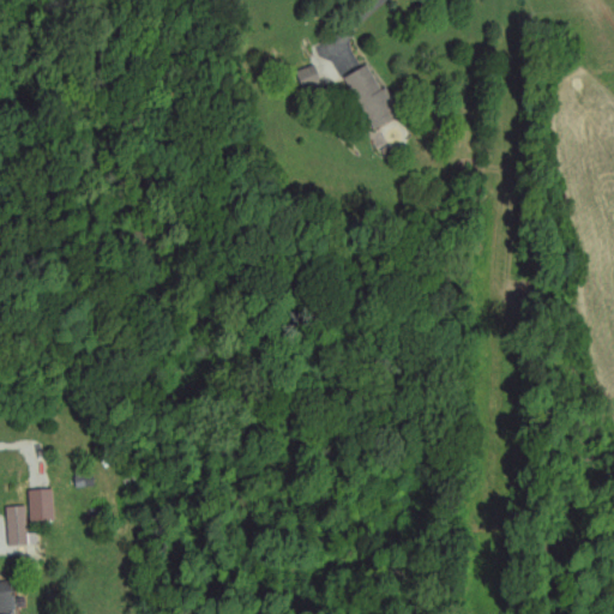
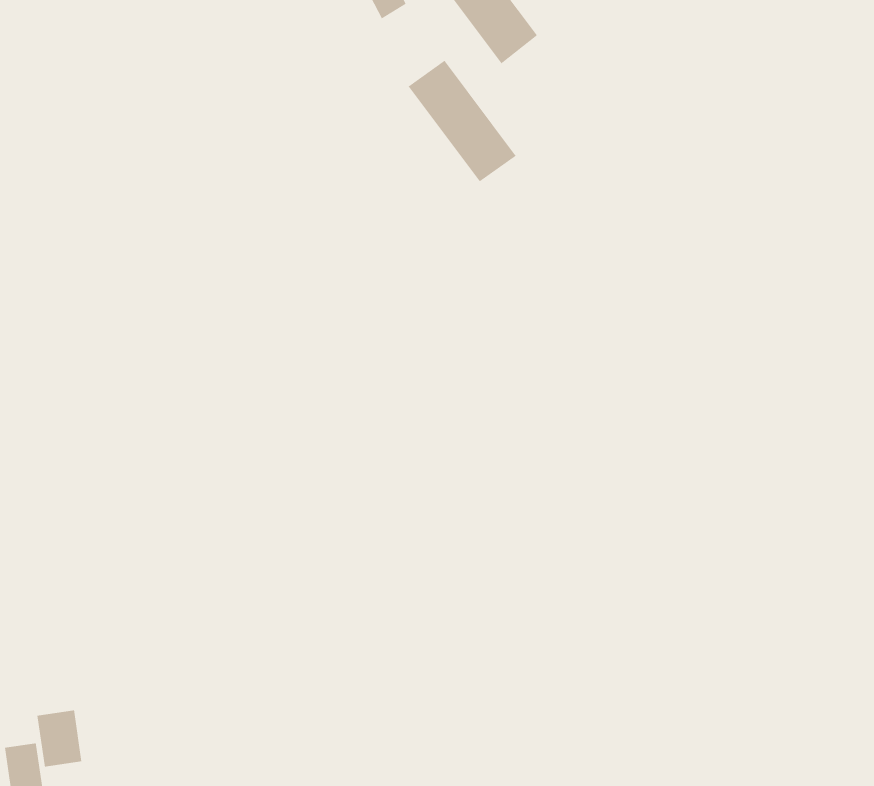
building: none -> [408,60,517,182]

